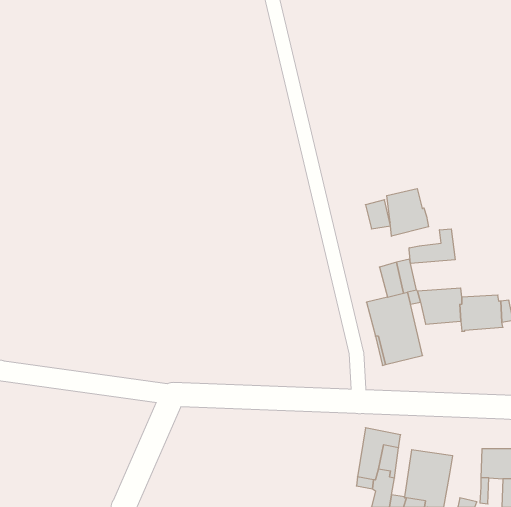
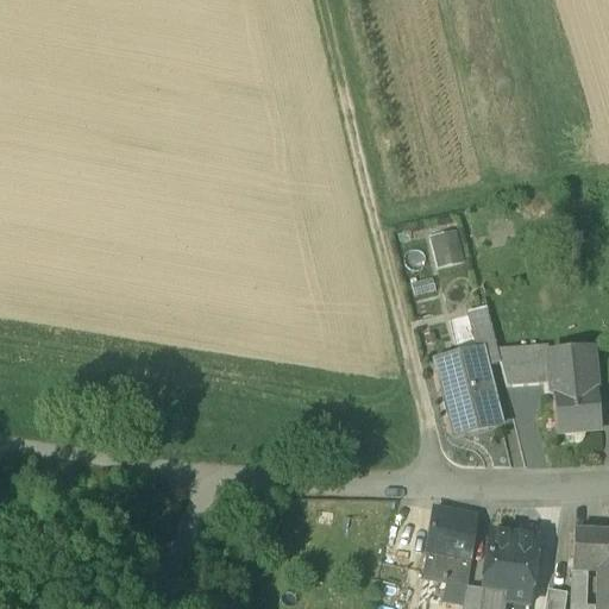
building: [387,189,429,236] -> none
building: [409,229,455,264] -> none
building: none -> [553,388,601,434]

